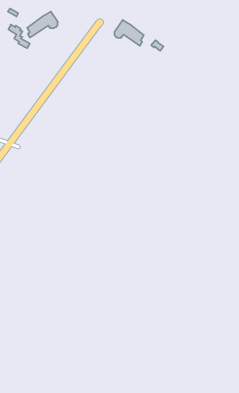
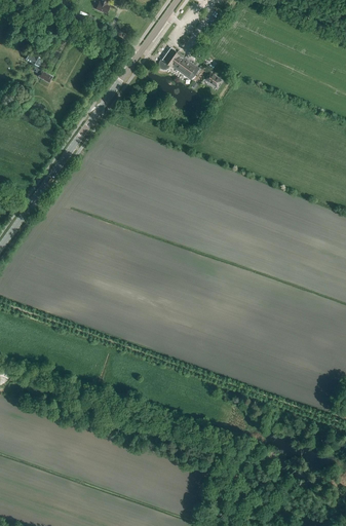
building: [27,11,58,37] -> none

